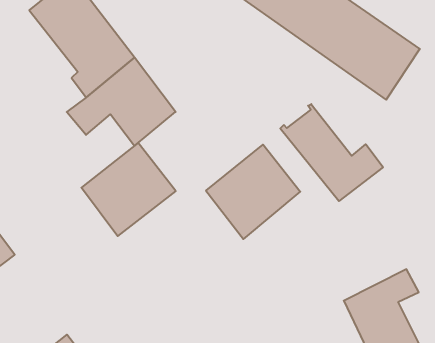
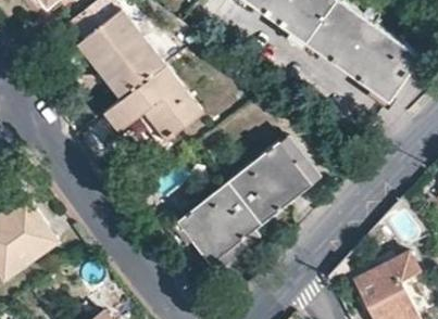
building: [280,104,383,201] -> none
building: [81,143,176,236] -> [177,181,262,265]

